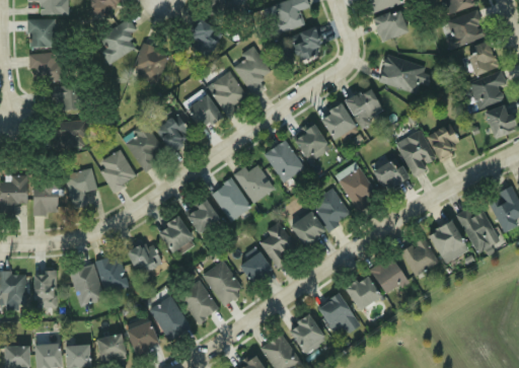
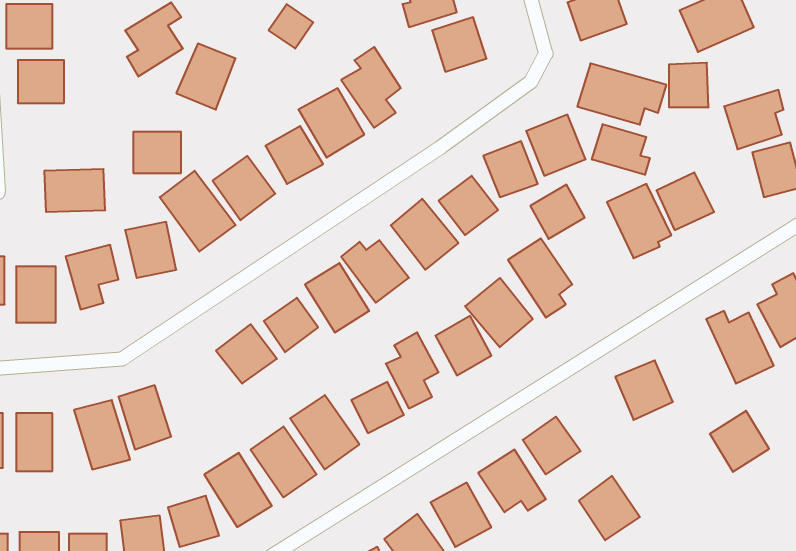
building: [469,44,494,71] -> [669,63,709,107]
building: [51,85,80,111] -> [133,132,181,173]
building: none -> [592,124,650,175]
building: [373,157,406,191] -> [530,185,585,239]
building: [428,220,464,257] -> [710,411,769,472]
building: [128,241,159,274] -> none
building: [370,254,407,294] -> [579,476,640,540]

